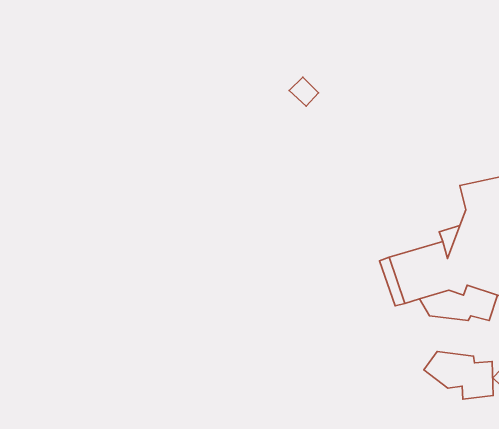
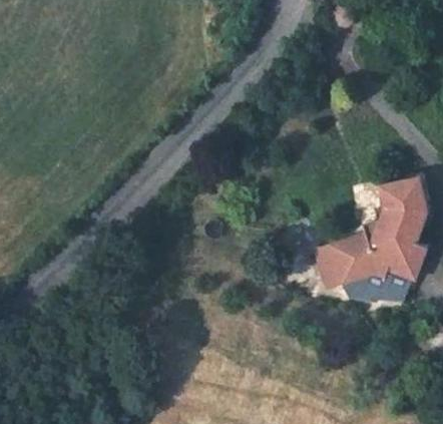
building: [424,351,493,399] -> none

